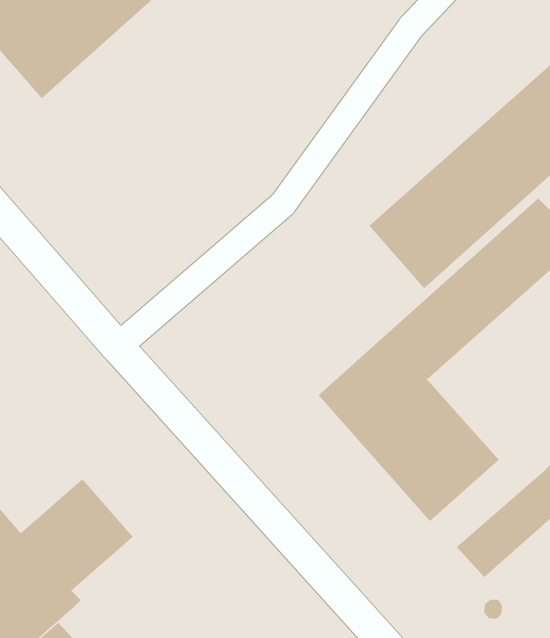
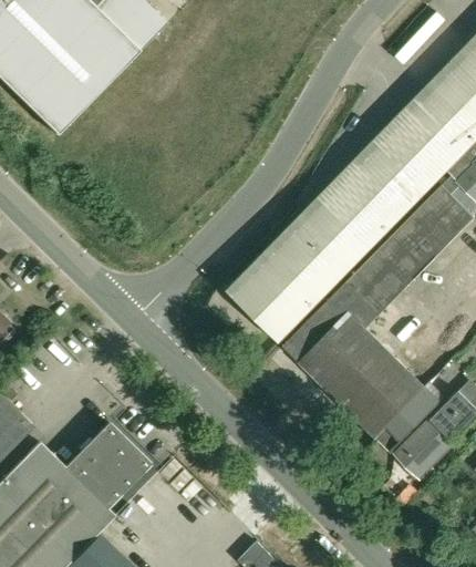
building: none -> [232,214,358,340]
building: none -> [374,385,439,451]

